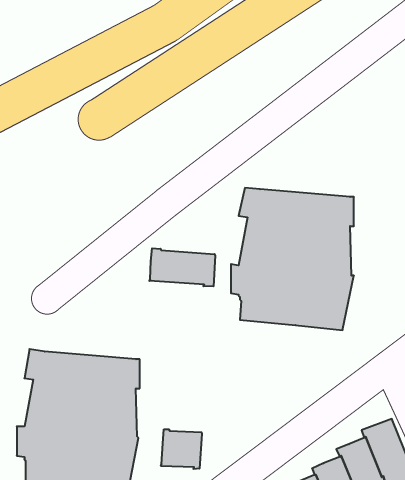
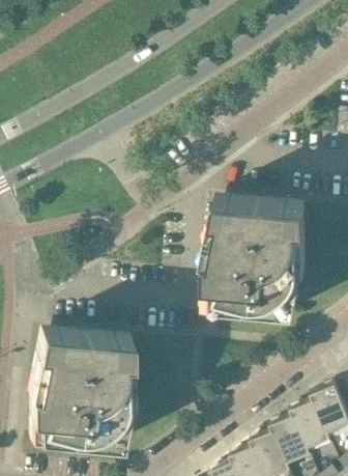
building: [149,248,215,286] -> none
building: [161,429,202,469] -> none

